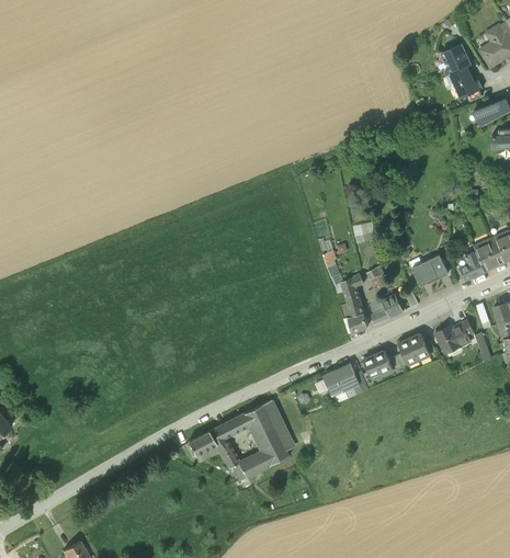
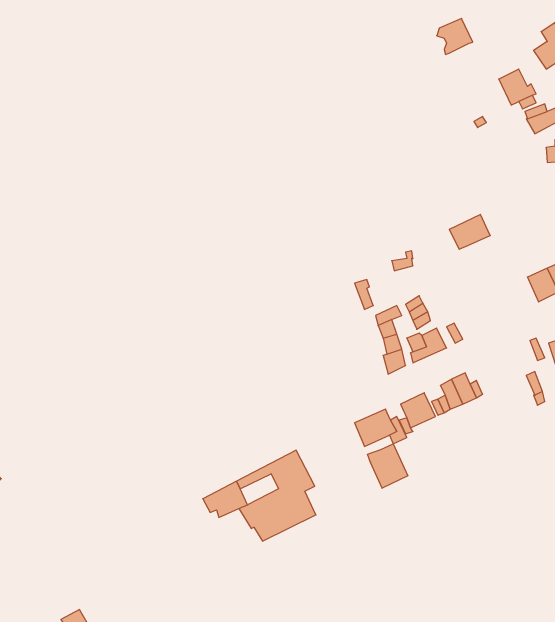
building: [439,44,471,76] -> [437,18,473,54]
building: [457,251,485,280] -> none
building: [412,254,449,285] -> [449,214,490,249]
building: [434,320,474,355] -> none
building: none -> [367,444,408,488]

